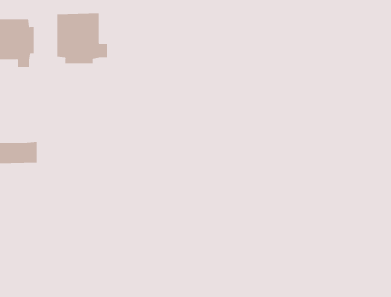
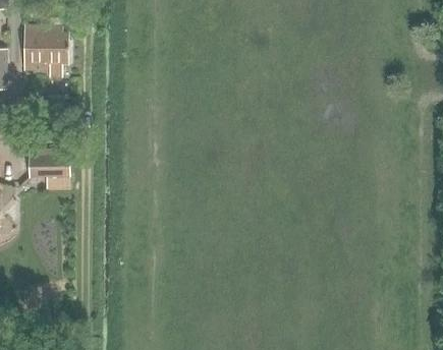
building: [57,13,107,64] -> none

